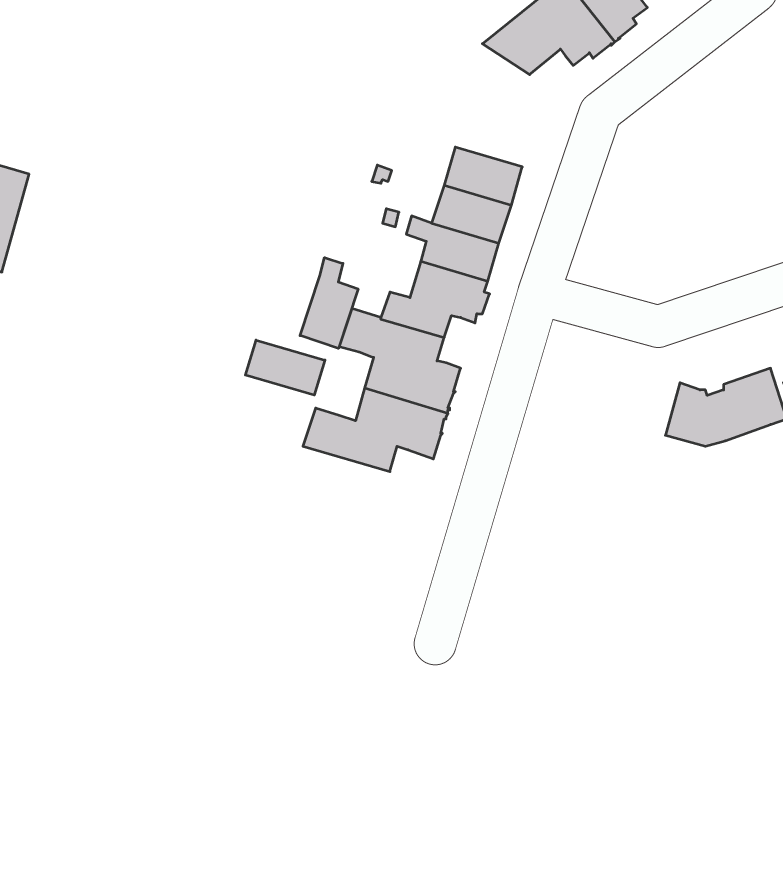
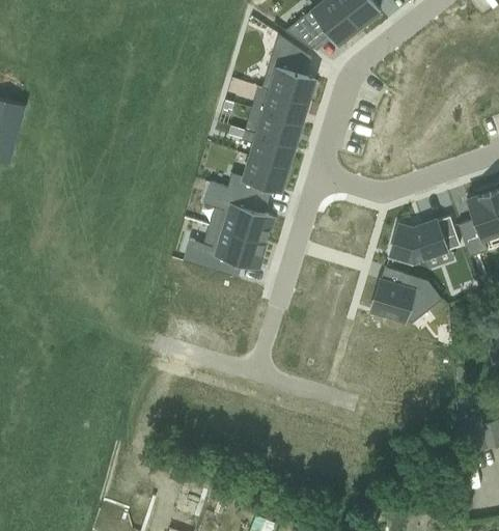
building: none -> [260,33,315,102]
building: [300,258,358,348] -> none
building: [245,340,325,395] -> none
building: none -> [370,273,442,324]

